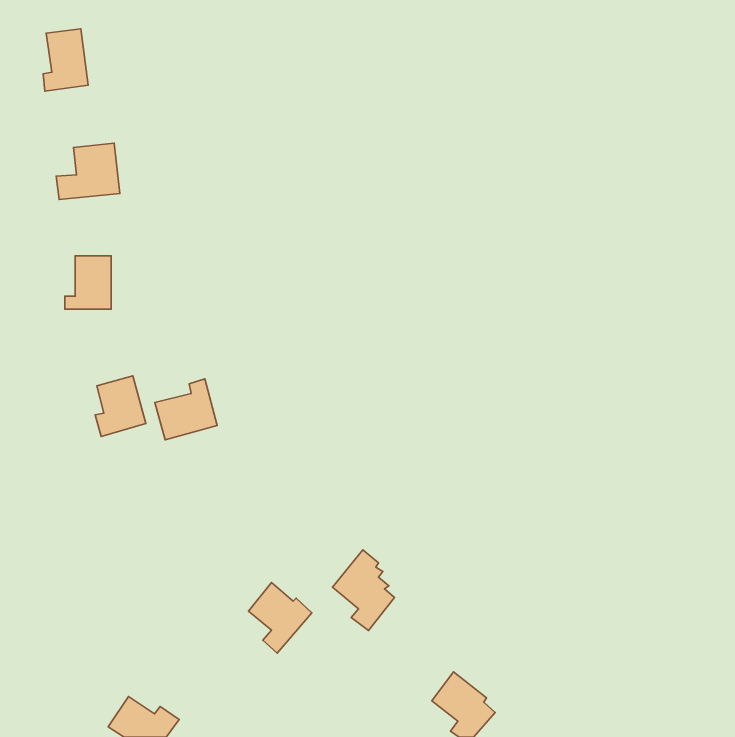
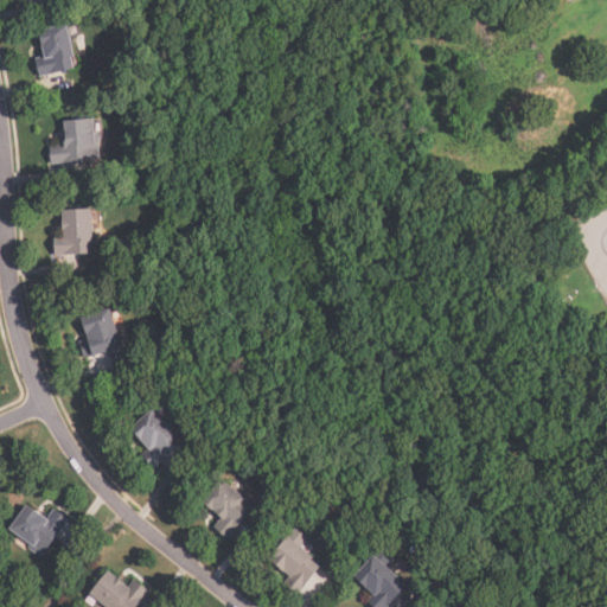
building: [155,379,217,440] -> none
building: none -> [129,409,180,468]
building: [332,550,394,631] -> [269,525,320,592]
building: none -> [7,505,66,554]

